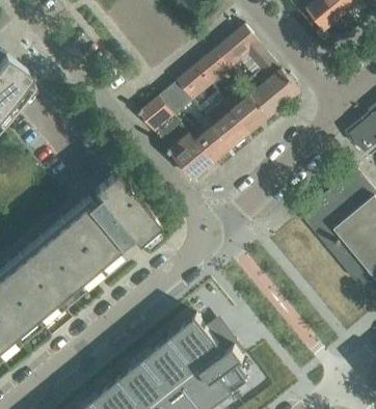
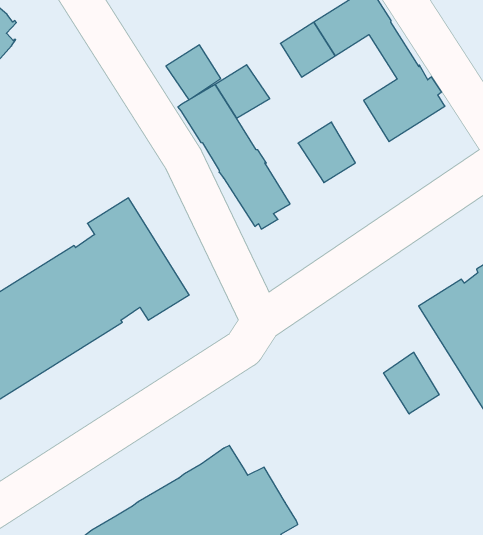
building: [176,66,210,101] -> [166,45,221,100]
building: [232,94,268,133] -> none
building: [194,126,232,163] -> none
building: none -> [384,352,439,414]

